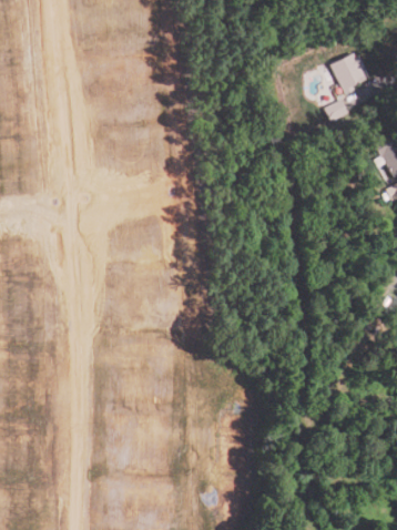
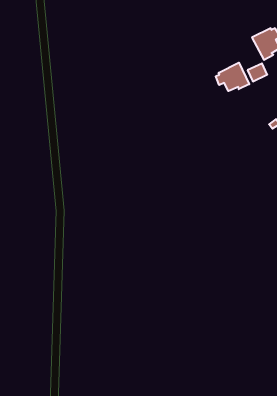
building: none -> [216,63,249,91]

